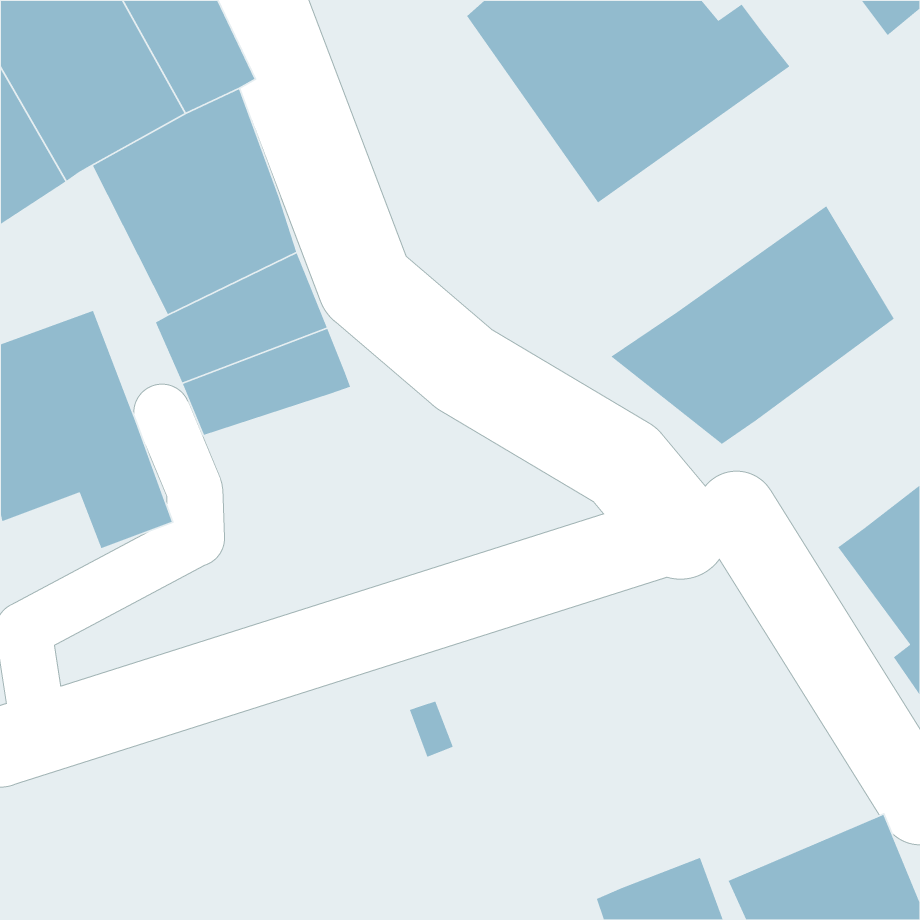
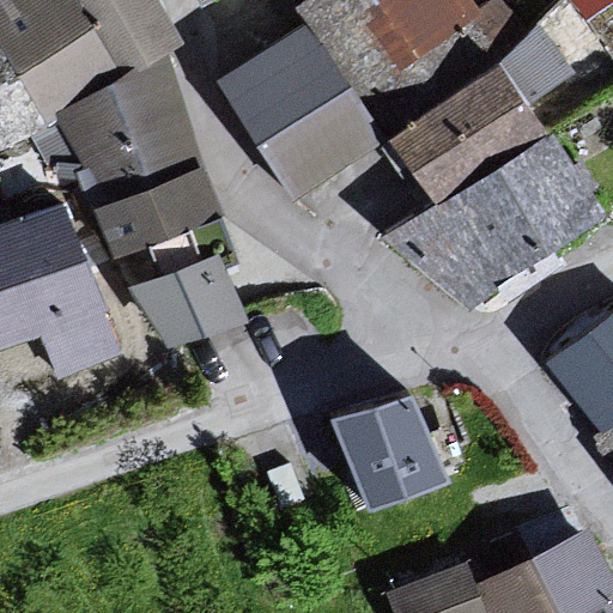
building: none -> [229,34,371,192]
building: none -> [397,36,558,207]
building: none -> [135,262,241,344]
building: none -> [348,402,438,500]

